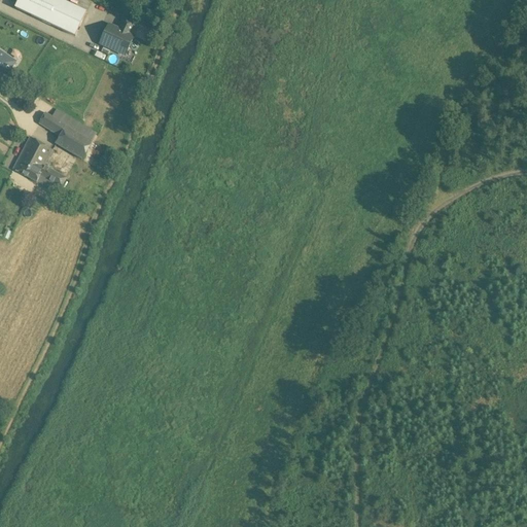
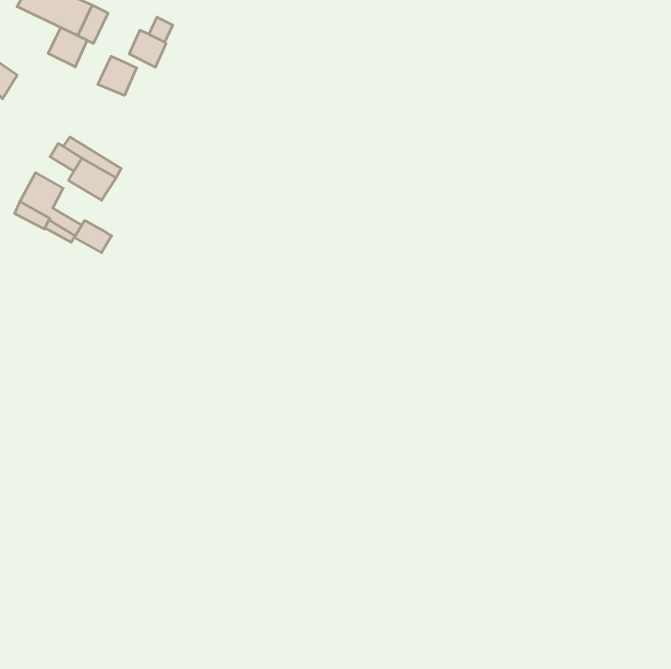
building: none -> [48,28,87,67]
building: none -> [98,56,137,95]
building: none -> [74,221,112,253]

